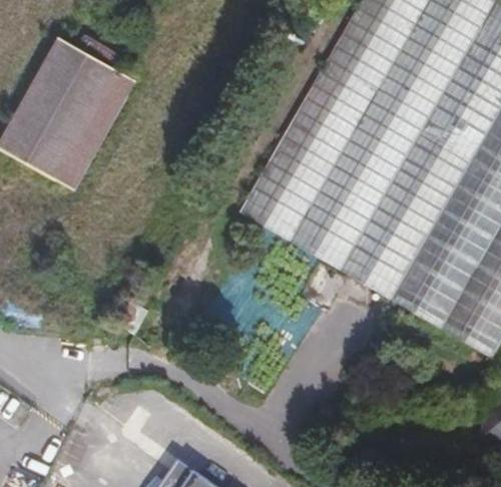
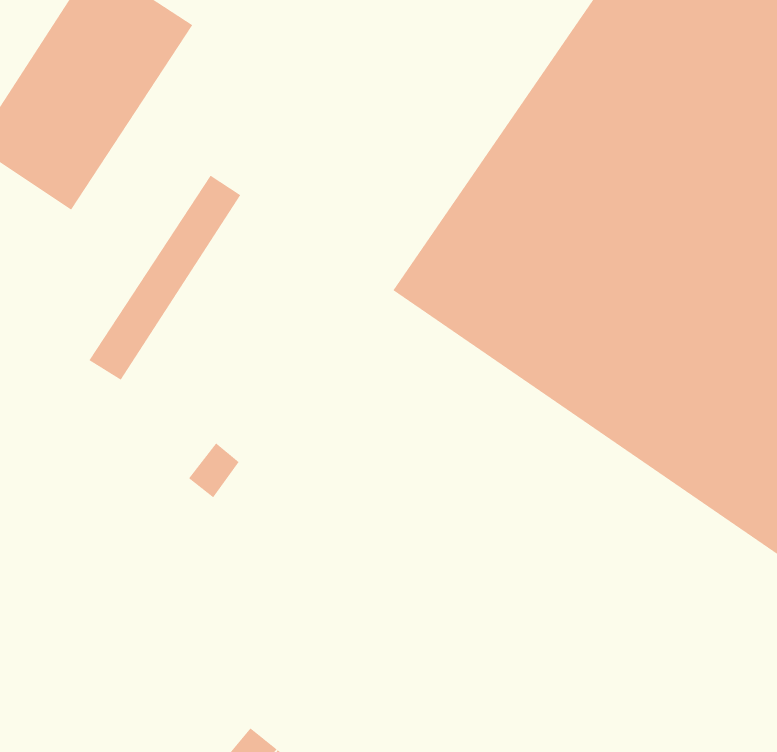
building: [56,72,134,190] -> [89,175,241,381]

